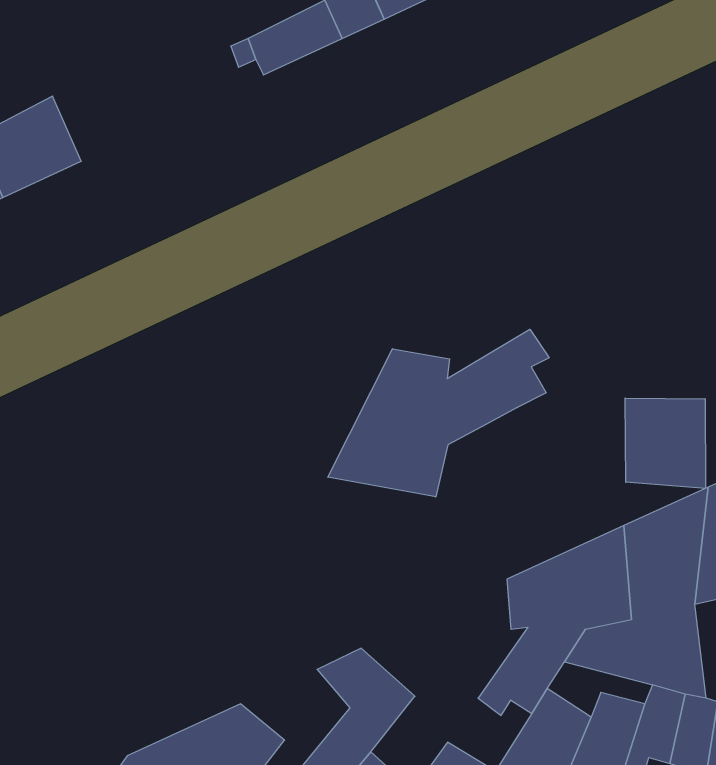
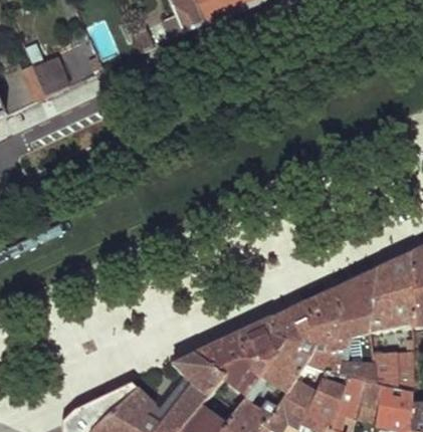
building: none -> [26,40,105,97]
building: [328,329,549,497] -> none
building: [625,398,705,488] -> none
building: none -> [195,316,282,397]

